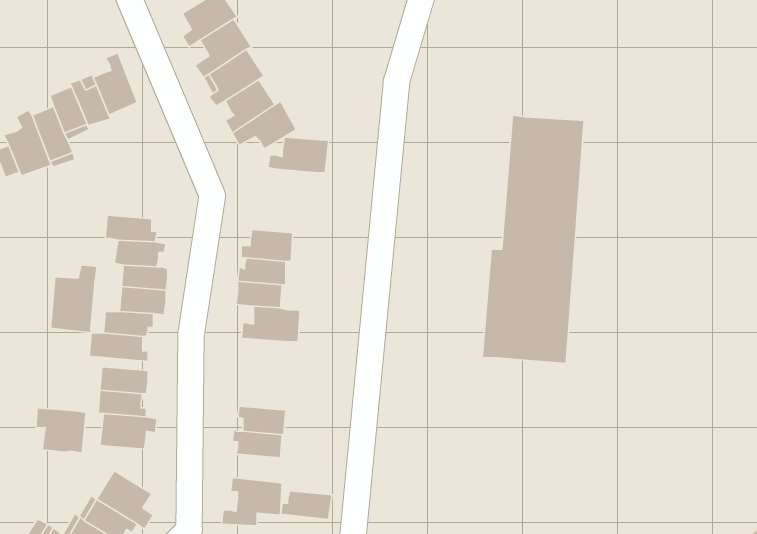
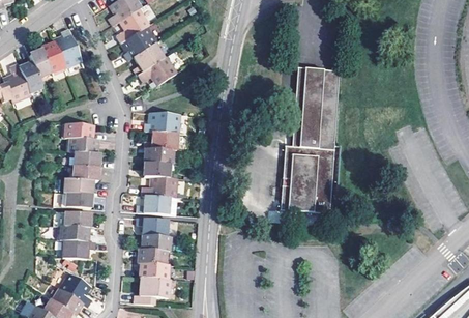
building: [268,137,329,173] -> [143,115,178,136]
building: [50,265,97,333] -> none
building: none -> [138,197,169,216]
building: none -> [136,219,167,238]
building: [36,407,86,453] -> none
building: [280,491,332,519] -> [137,264,167,281]

